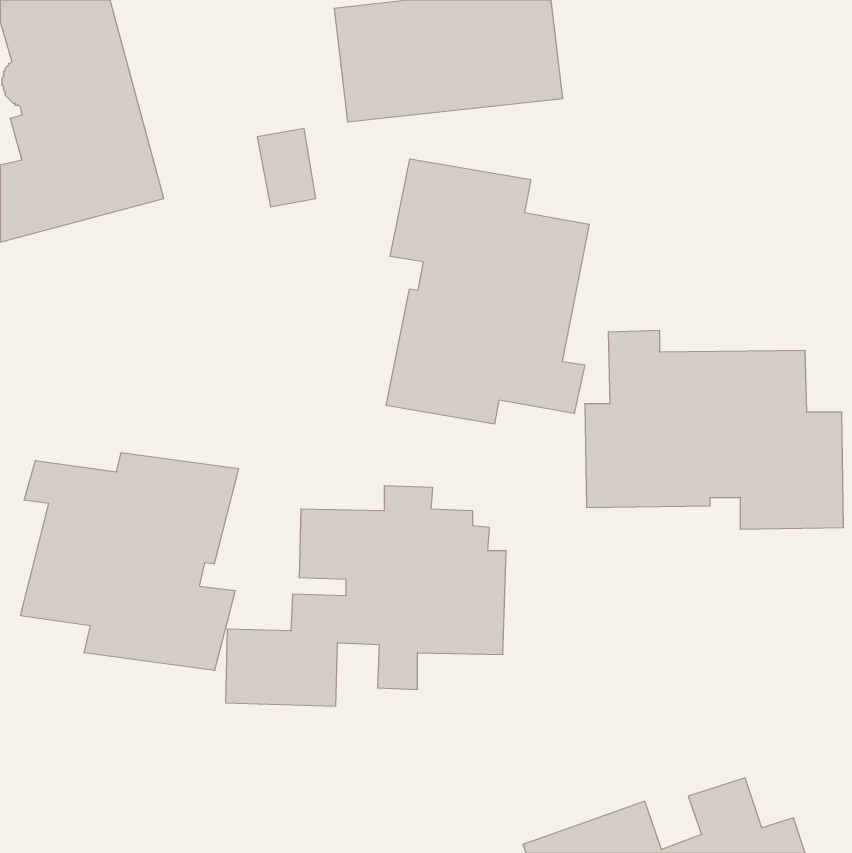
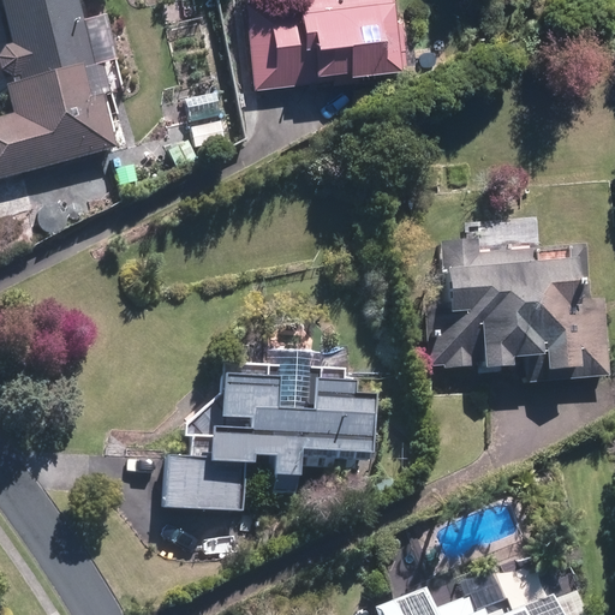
building: [386,159,589,424] -> none
building: [21,453,238,671] -> none

